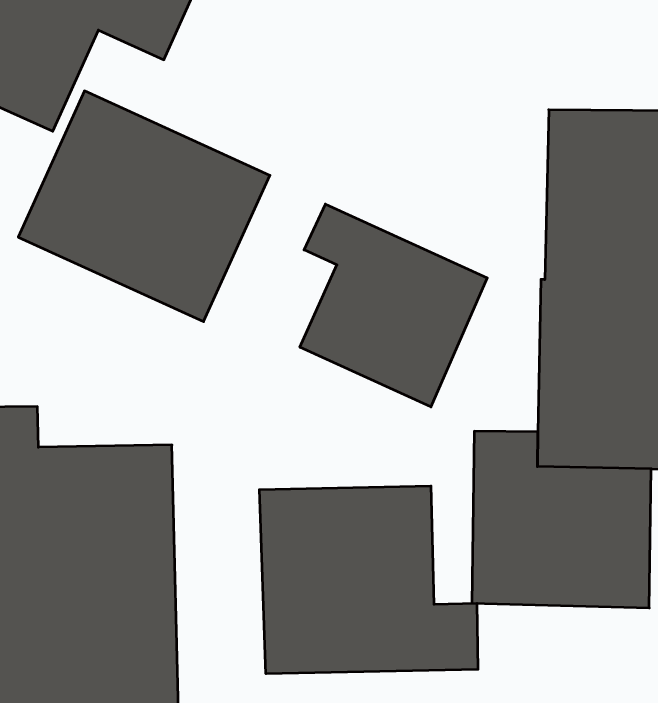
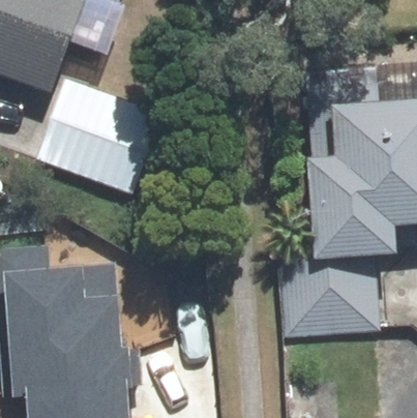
building: [300,204,487,407] -> none
building: [259,486,478,674] -> none

